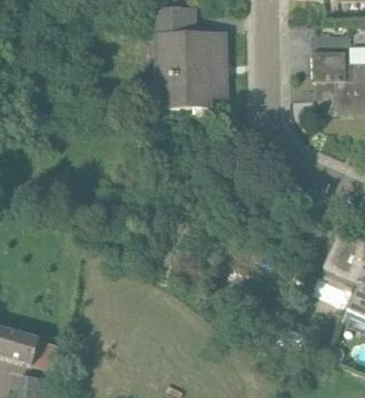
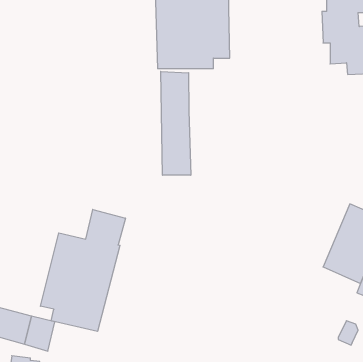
building: none -> [161,71,191,175]
building: none -> [40,209,125,331]

